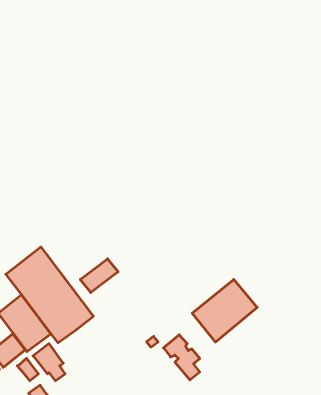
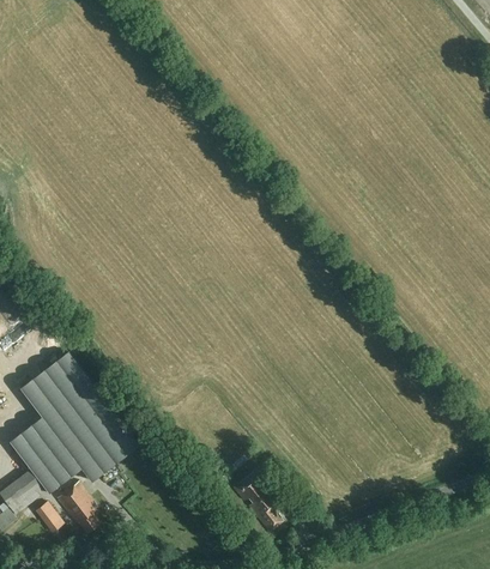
building: [80,259,118,293] -> none
building: [192,279,257,342] -> none

